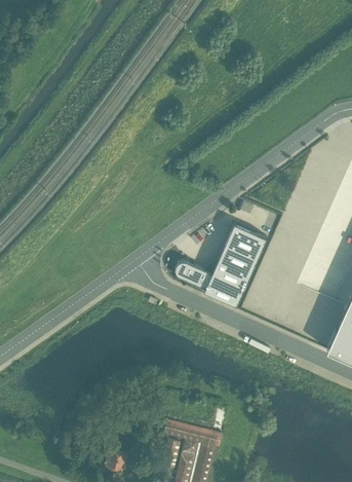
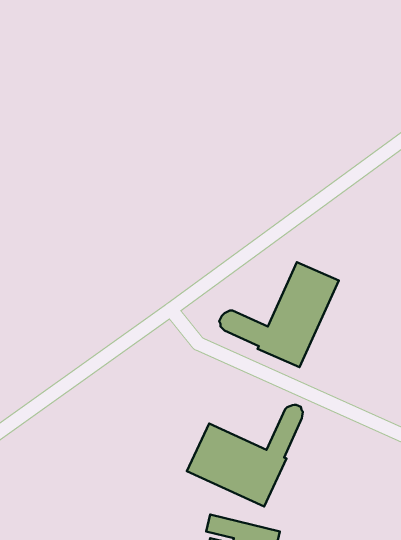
building: none -> [187,405,303,506]

